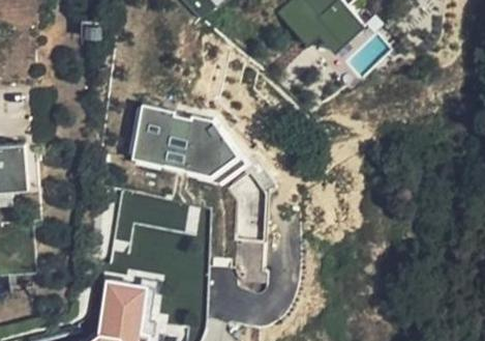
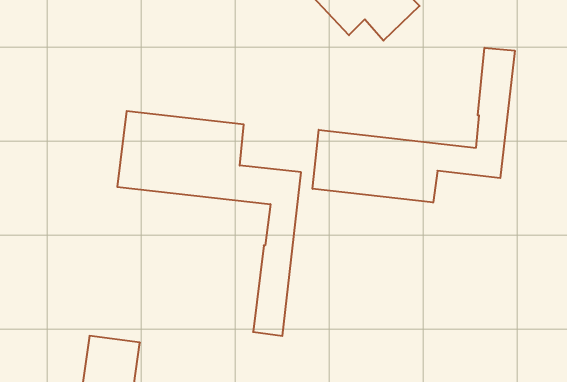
building: none -> [313,48,515,203]

